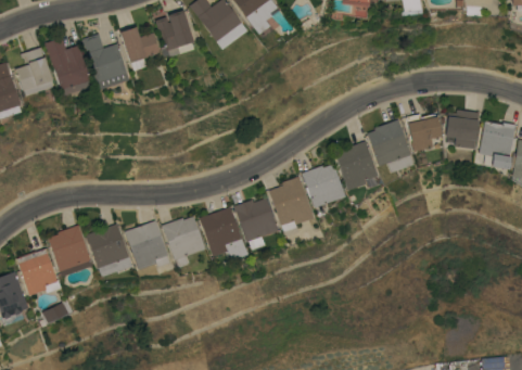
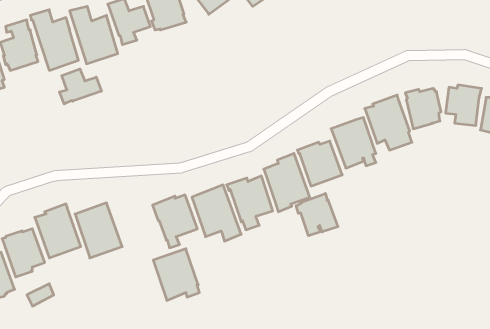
building: none -> [59,69,101,104]
building: none -> [296,193,338,236]
building: [127,220,171,270] -> [153,249,199,300]

